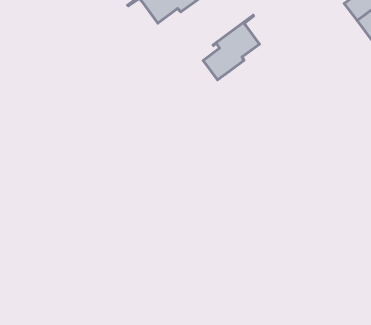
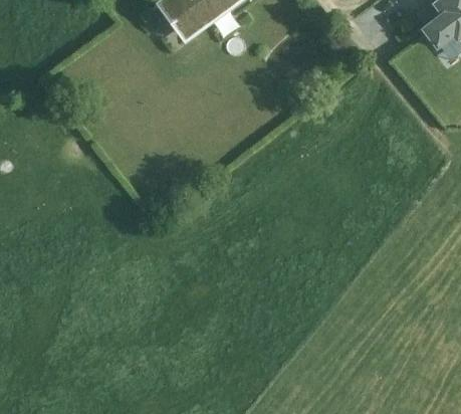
building: [203,15,260,80] -> none

